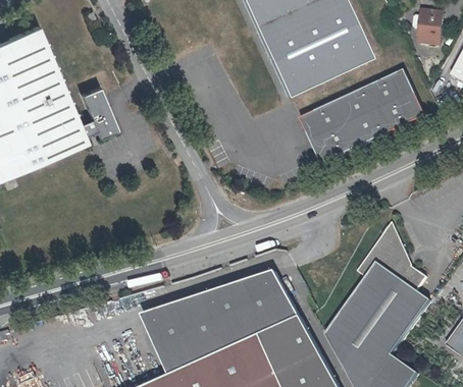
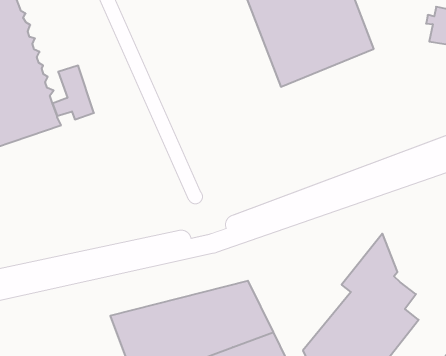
building: [304,67,428,164] -> none

